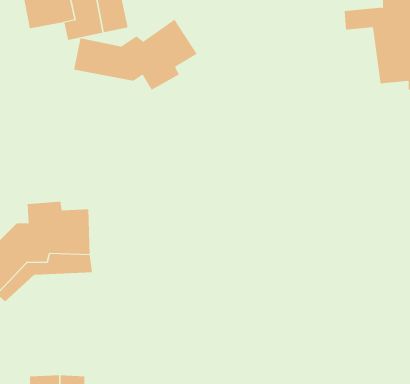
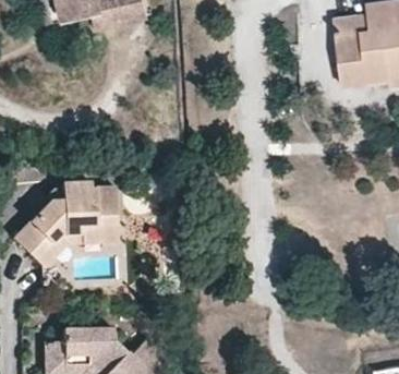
building: [74,19,197,91] -> none
building: none -> [334,32,363,83]

